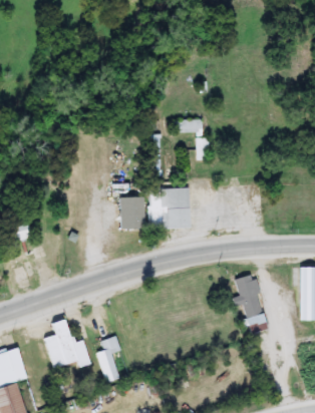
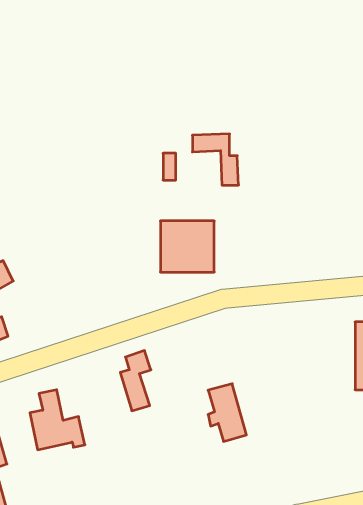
building: [119,197,143,230] -> none
building: [234,275,264,320] -> [208,384,246,441]
building: [96,336,120,383] -> [120,351,151,411]

